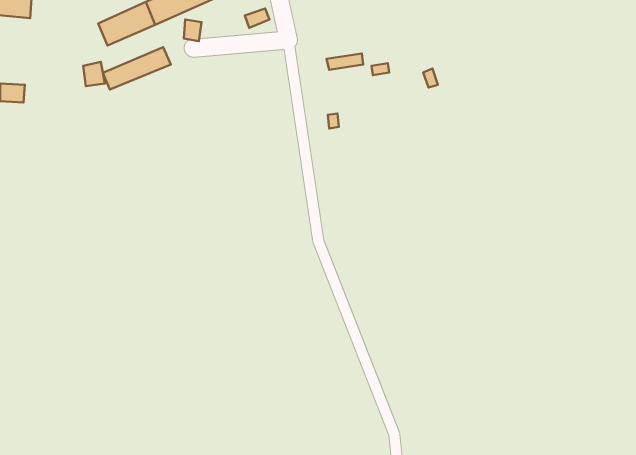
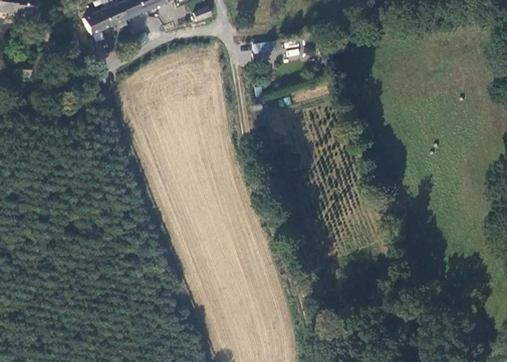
building: [103,47,171,90] -> none

